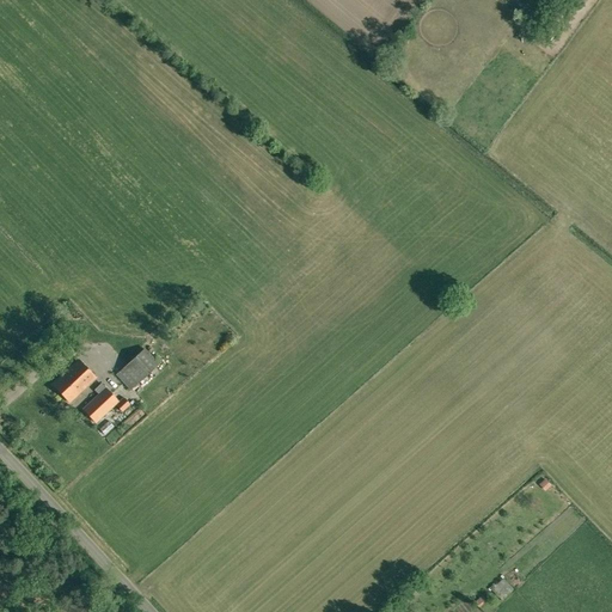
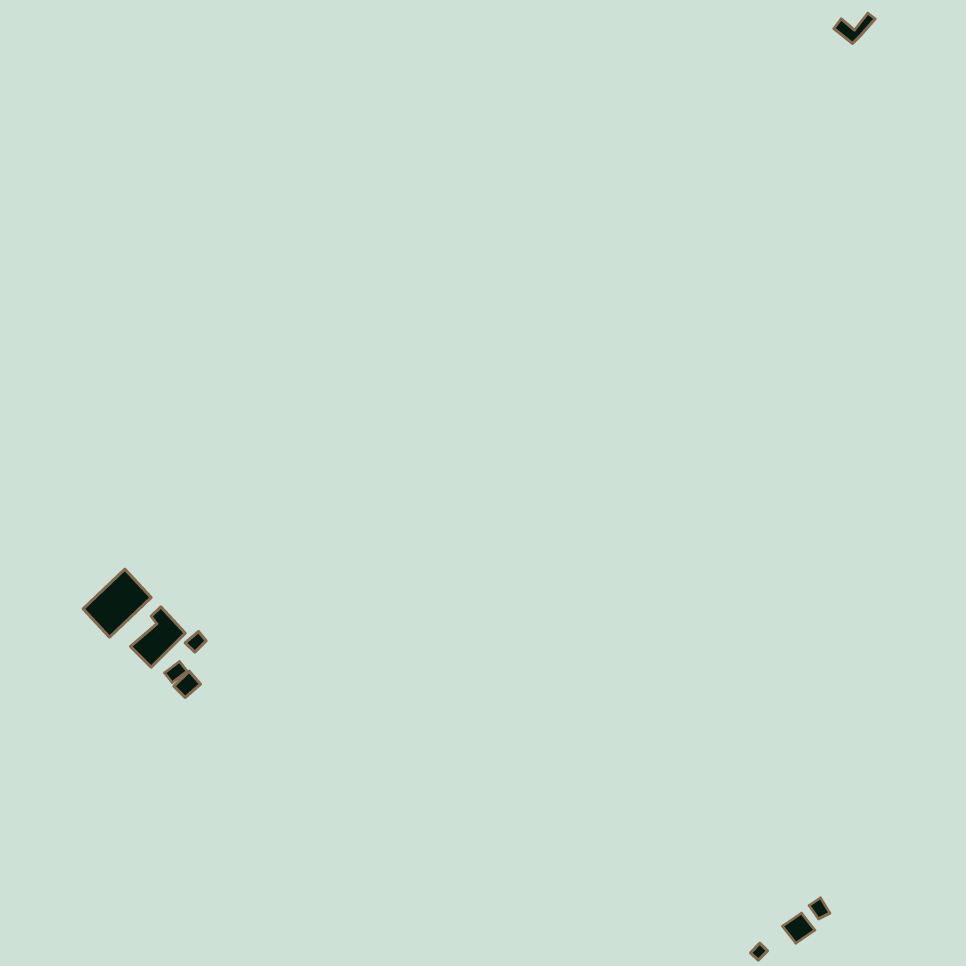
building: [116,348,159,390] -> none

